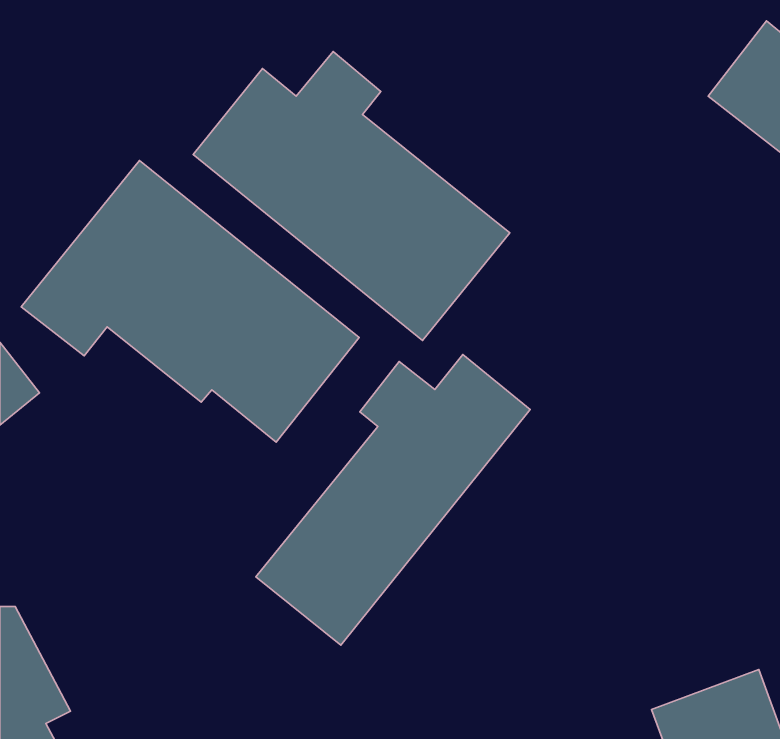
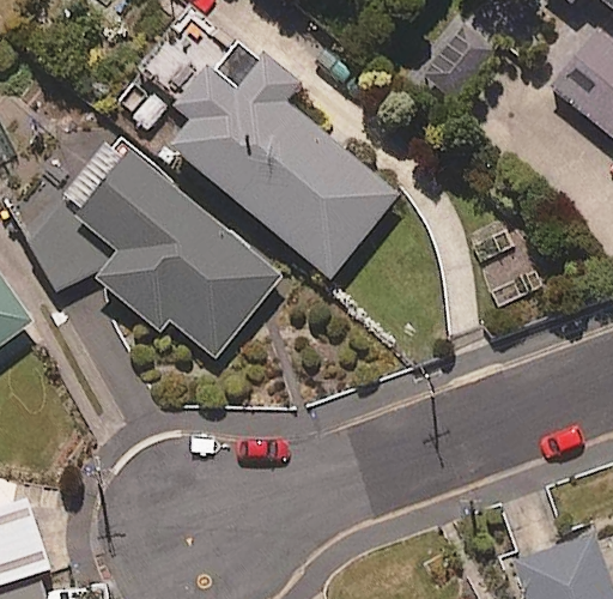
building: [256,355,530,645] -> none

